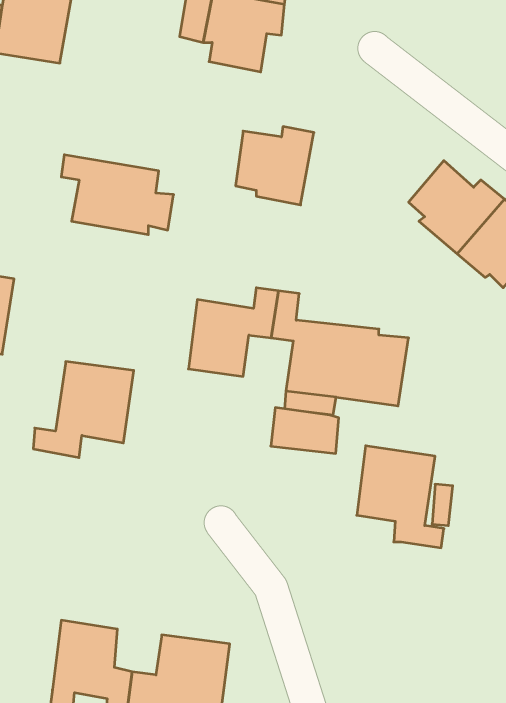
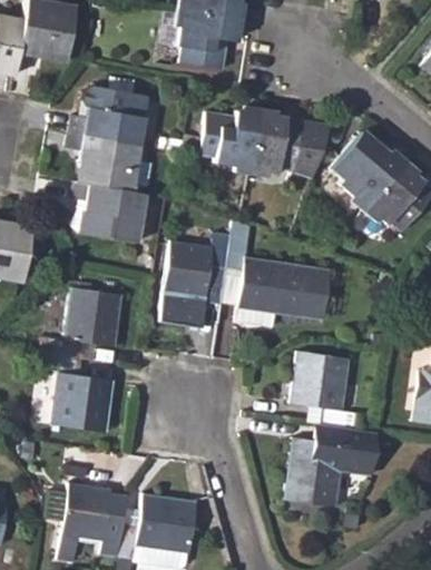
building: none -> [71,86,150,144]
building: none -> [249,115,331,180]
building: none -> [72,181,147,243]
building: [271,408,339,453] -> [161,293,213,327]
building: none -> [45,353,111,433]
building: none -> [284,423,375,505]

